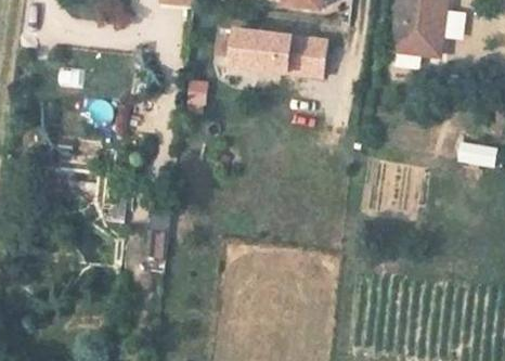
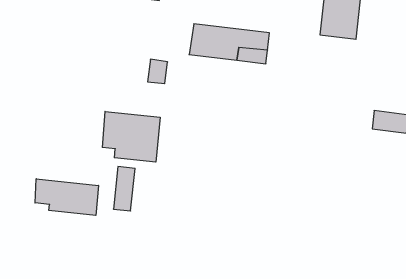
building: none -> [102,111,160,162]
building: none -> [35,179,98,215]

